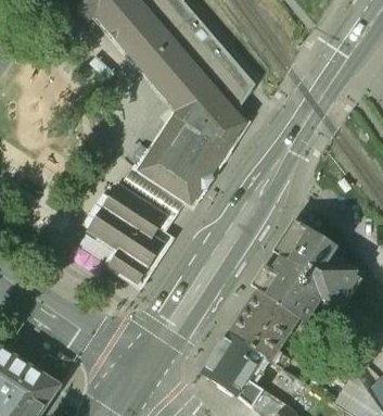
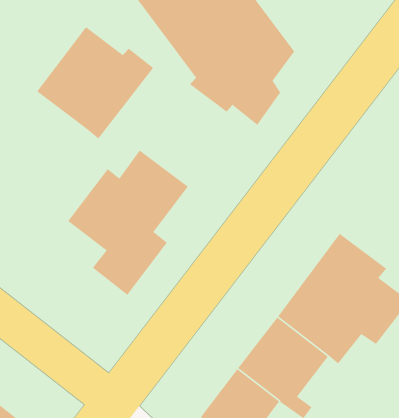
building: [140,116,230,203] -> [36,26,154,139]

